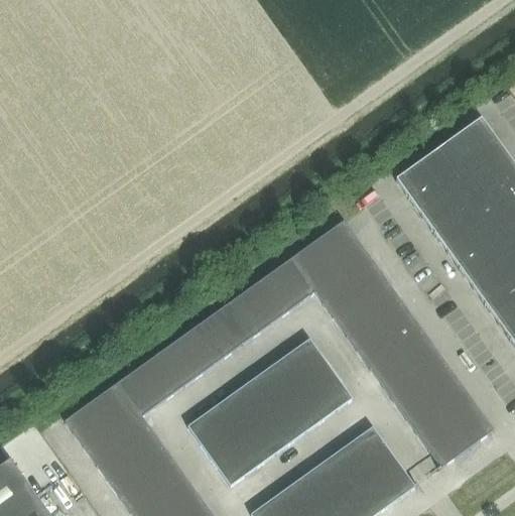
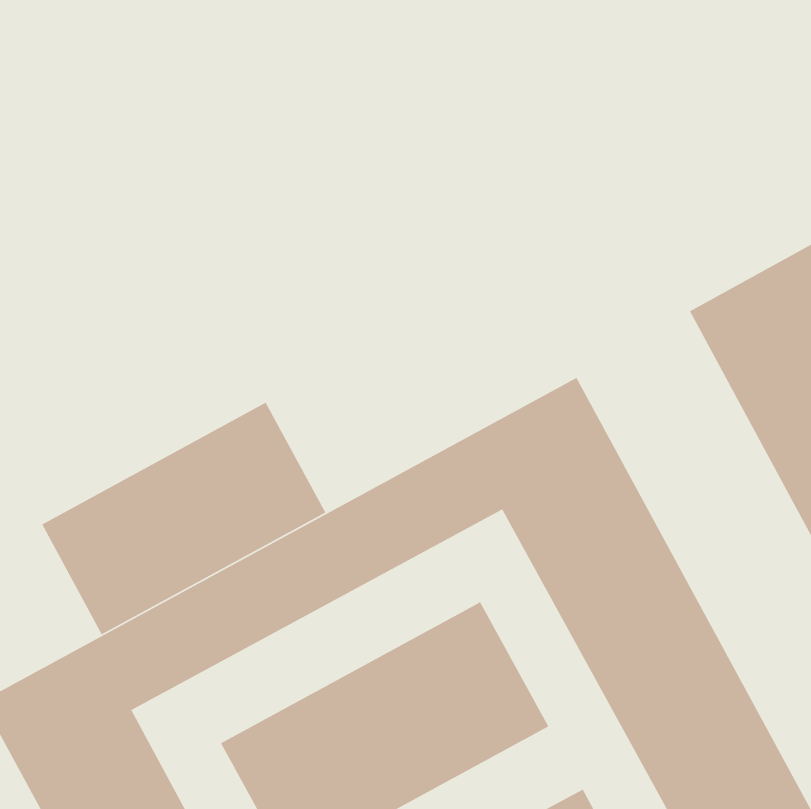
building: none -> [41,402,326,635]

